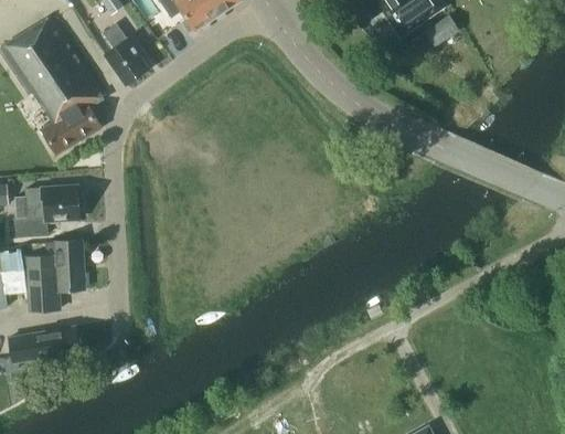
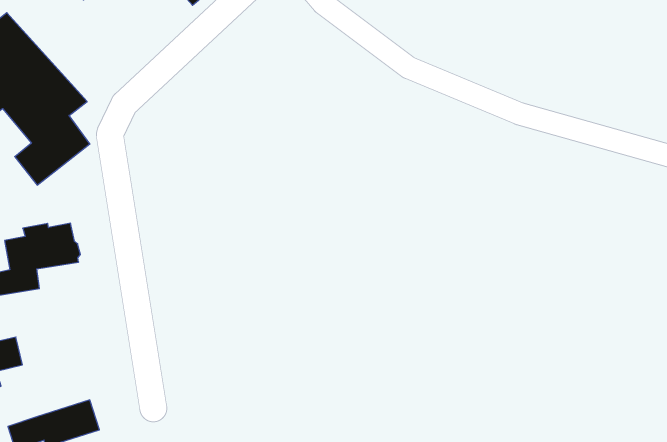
building: [103,23,148,83] -> none
building: [25,239,84,310] -> none

